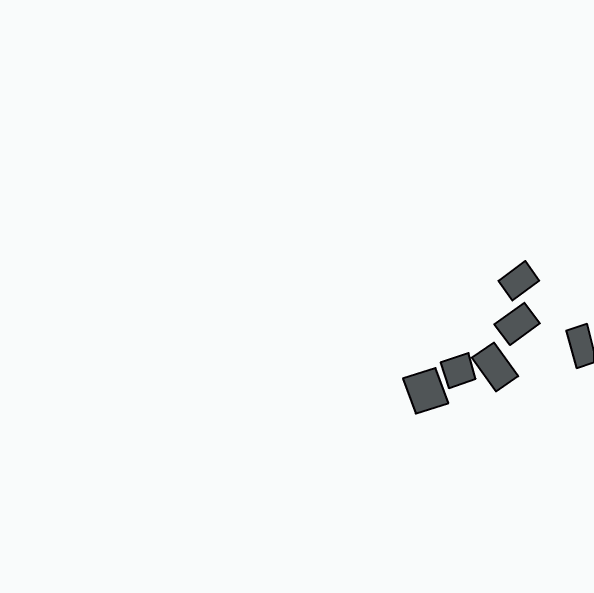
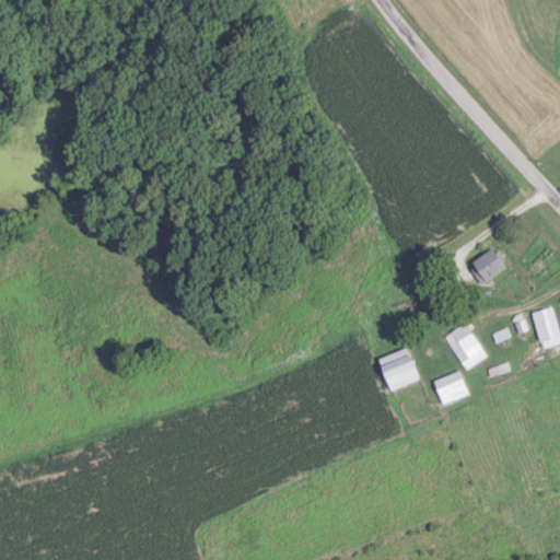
building: [494,303,540,345] -> none
building: [441,353,476,388] -> [434,372,467,405]

